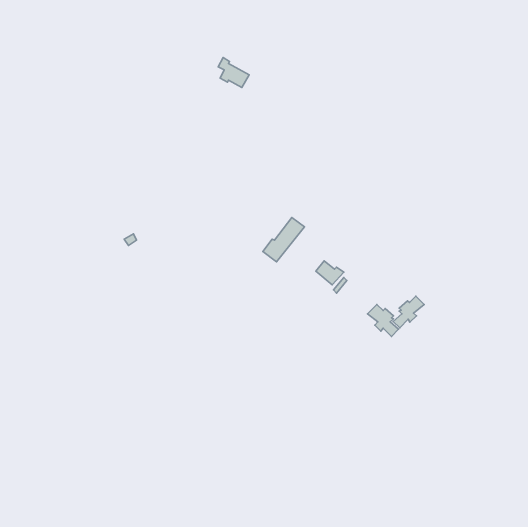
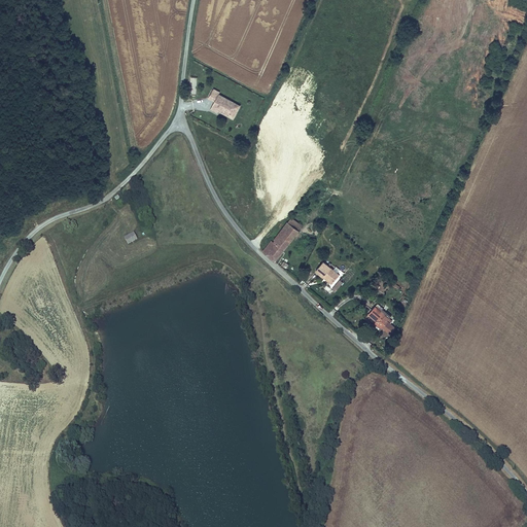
building: [218,57,249,87] -> [210,90,241,119]
building: [393,296,424,328] -> none

